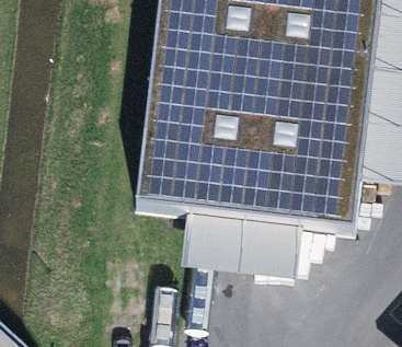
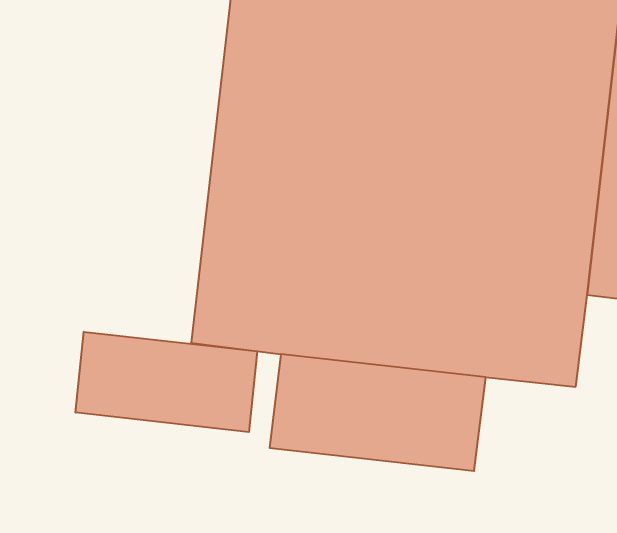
building: none -> [76,332,257,432]

